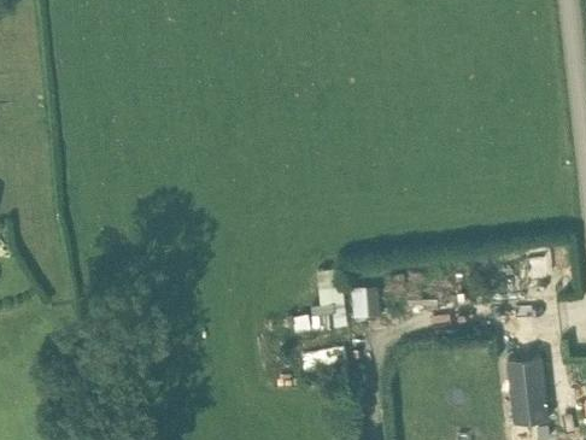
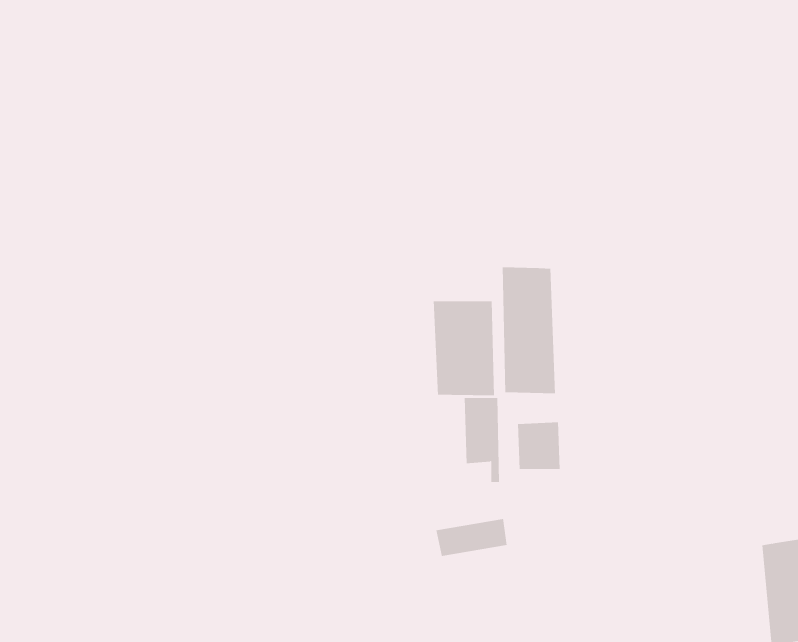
building: none -> [502,266,555,394]
building: none -> [433,300,494,396]

